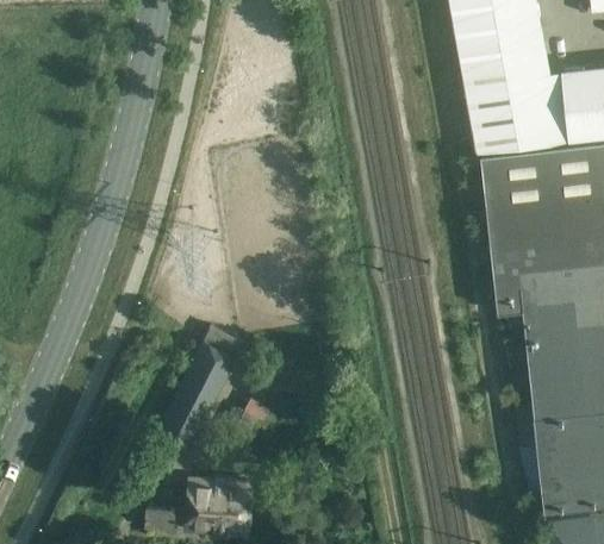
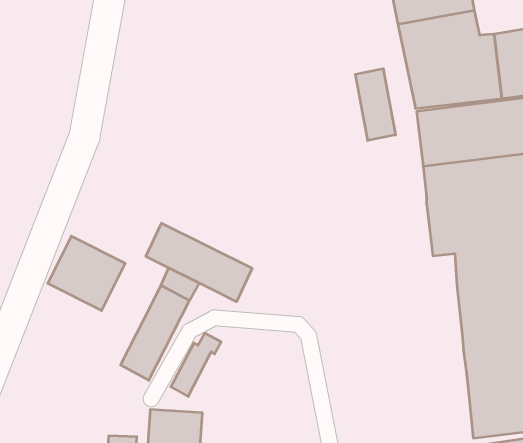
building: none -> [355,69,396,141]
building: none -> [146,223,252,302]
building: none -> [48,236,125,311]

